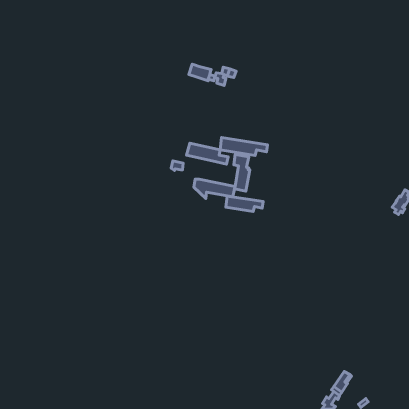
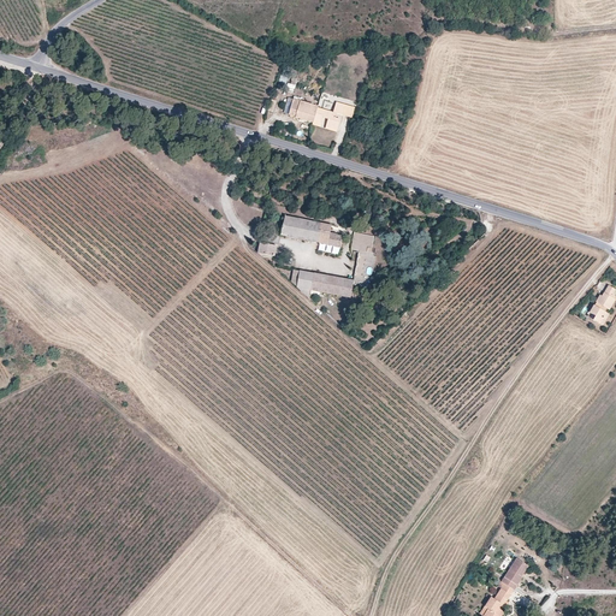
building: [220,138,268,155] -> none
building: [226,196,263,211] -> none

